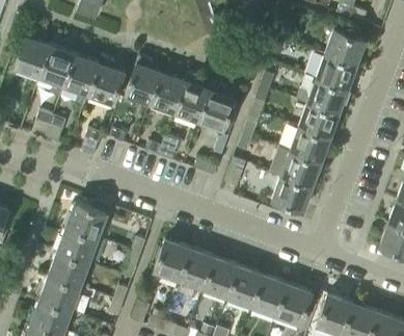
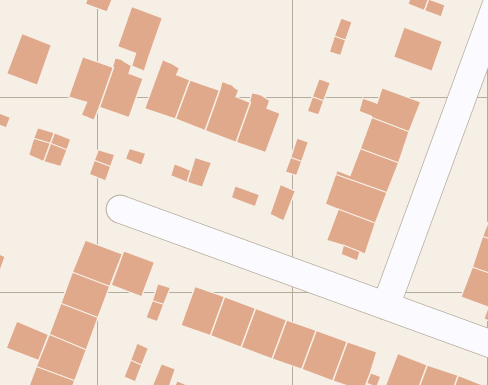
building: [38,45,75,97] -> [117,7,163,71]
building: [316,54,356,91] -> none
building: none -> [111,251,155,297]
building: none -> [6,321,49,361]

